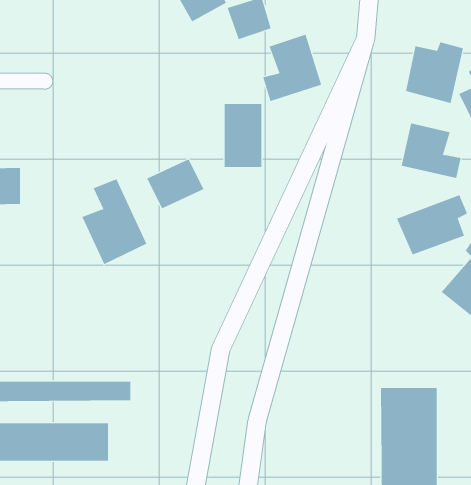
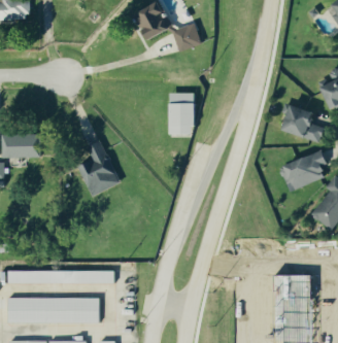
building: [262,34,322,102] -> none
building: [405,42,464,104] -> none
building: [147,158,204,209] -> none

